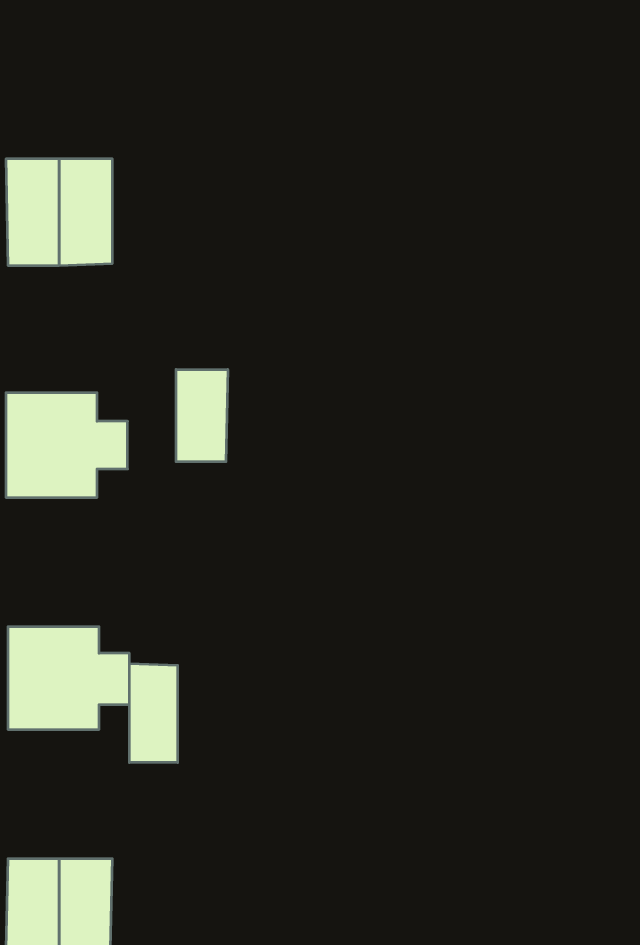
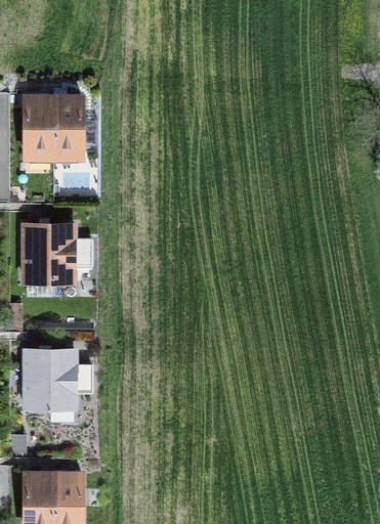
building: [176,369,228,462] -> none
building: [129,664,178,763] -> none

